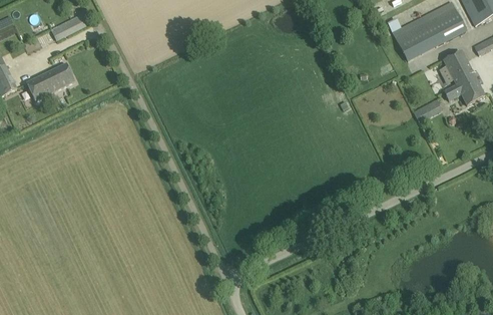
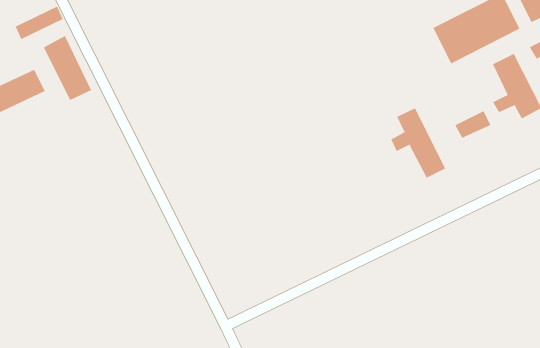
building: none -> [43,35,92,101]
building: none -> [391,108,446,179]

